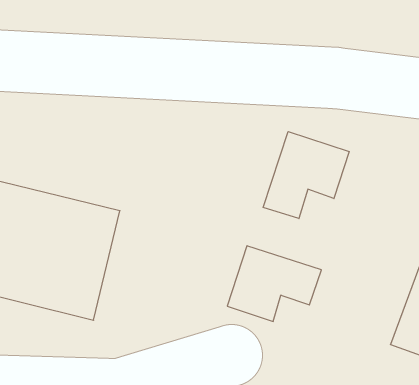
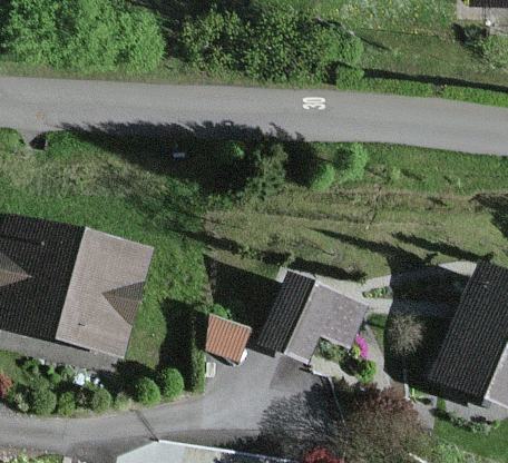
building: [263,132,349,219] -> none

